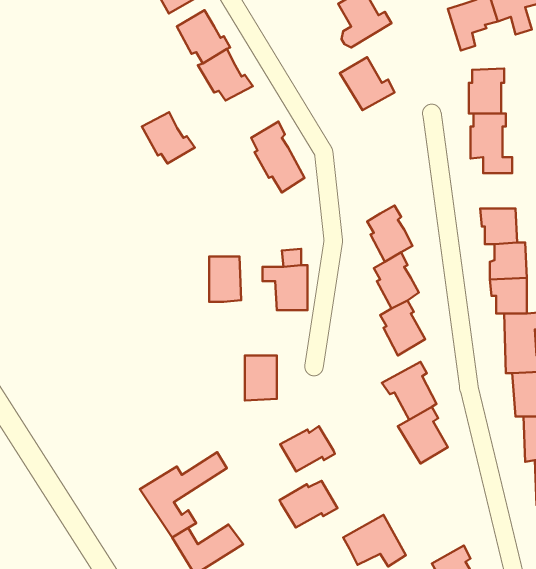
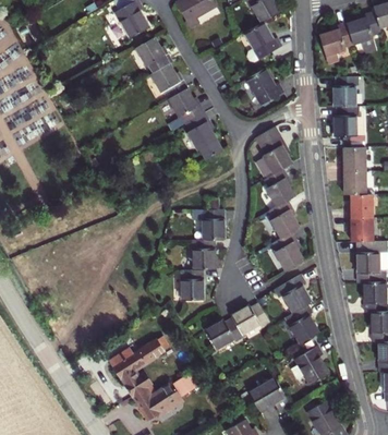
building: [142,112,195,164] -> [169,88,205,123]
building: none -> [256,128,292,178]
building: none -> [341,147,365,171]
building: [209,257,241,302] -> [194,240,216,270]
building: none -> [292,347,329,385]
building: [280,481,338,528] -> [231,303,270,335]

